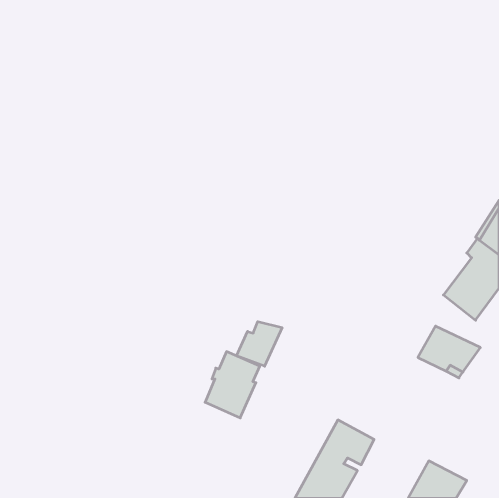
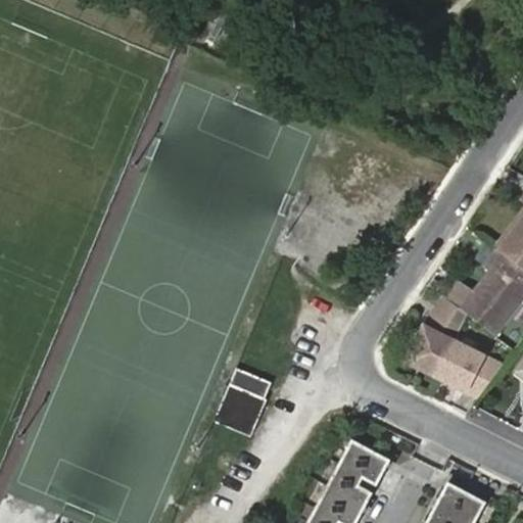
building: none -> [409,296,469,374]
building: [237,322,282,366] -> none

